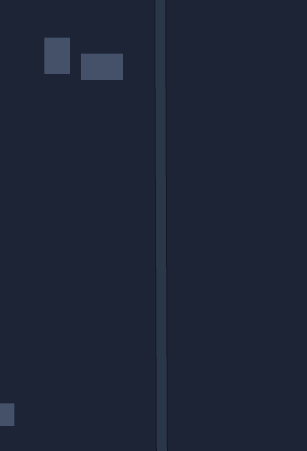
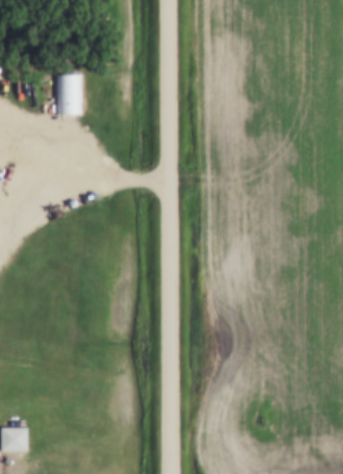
building: [80,53,124,81] -> none

